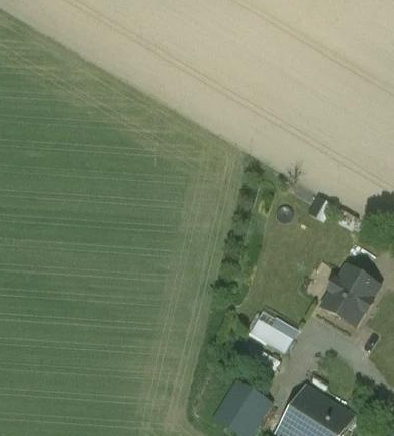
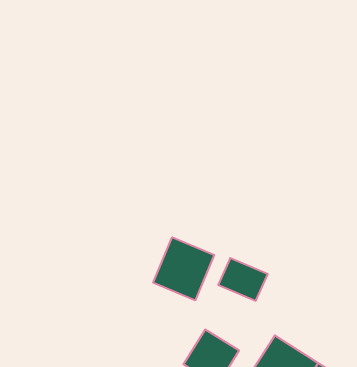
building: [321,265,377,324] -> none
building: none -> [153,237,214,300]

